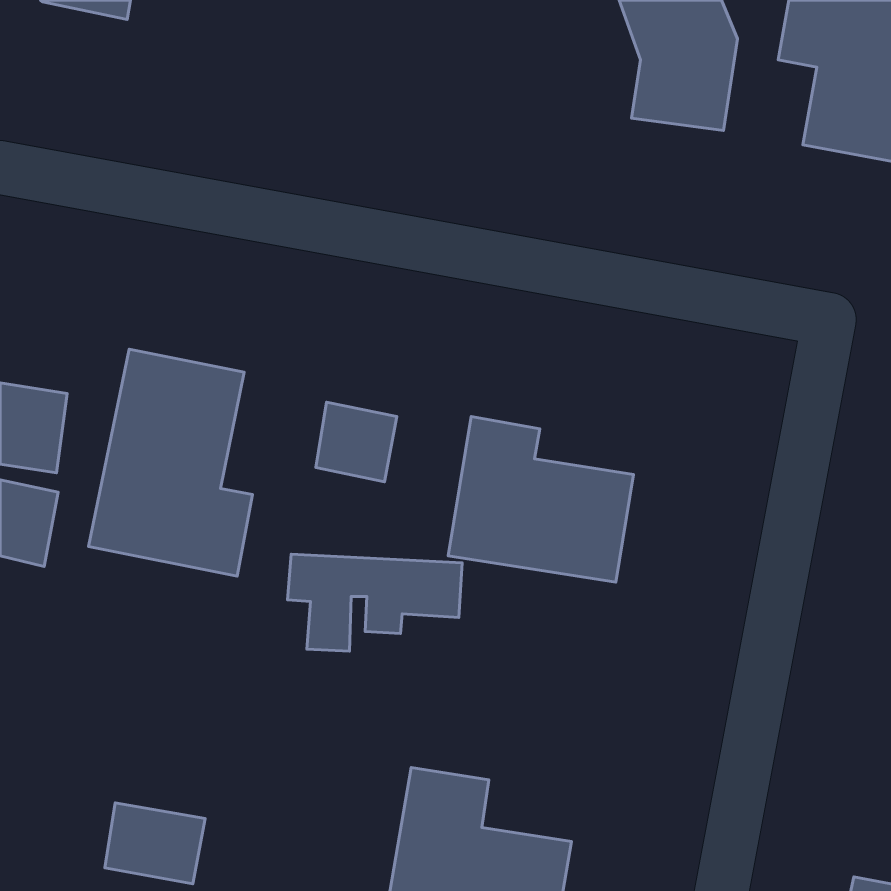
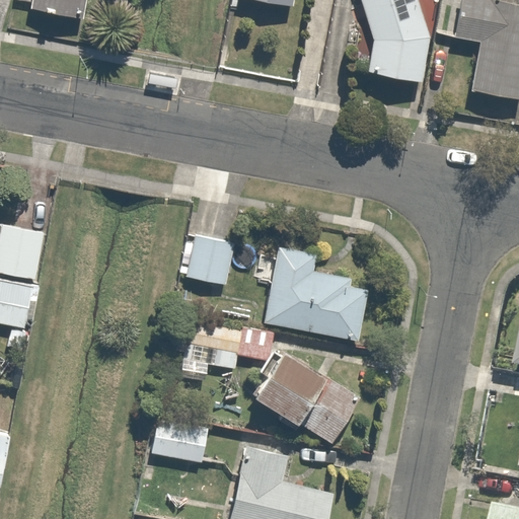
building: [89,349,252,576] -> none
building: none -> [251,346,357,441]
building: [105,803,205,884] -> [152,418,210,464]

